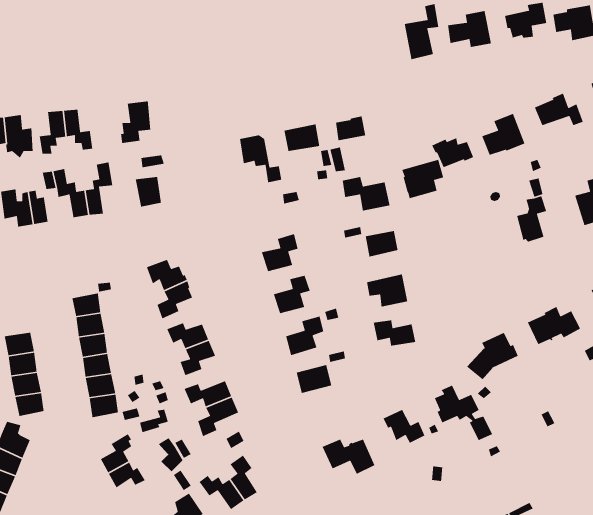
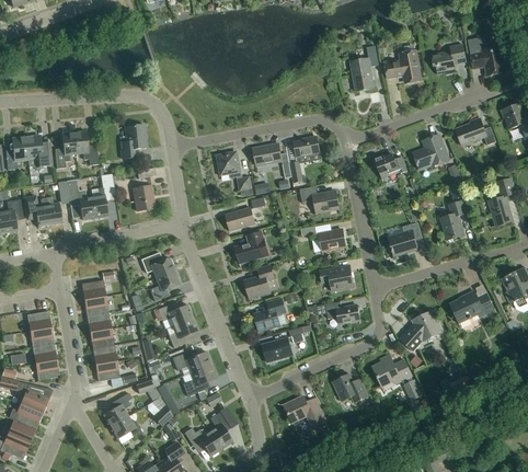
building: [401,159,444,199] -> [388,222,423,255]
building: none -> [226,207,255,231]

